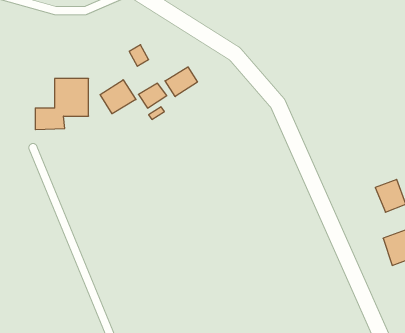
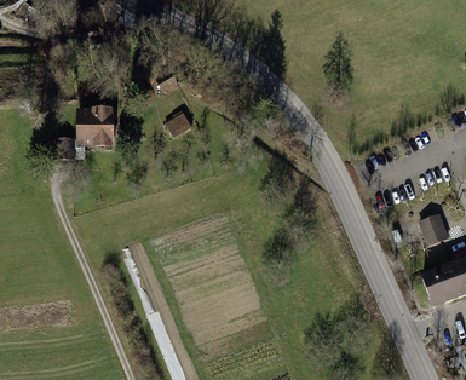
building: [165,67,197,97] -> none
building: [100,80,136,114] -> none

